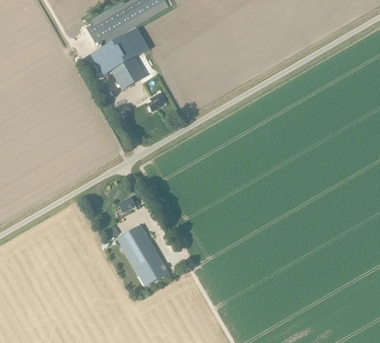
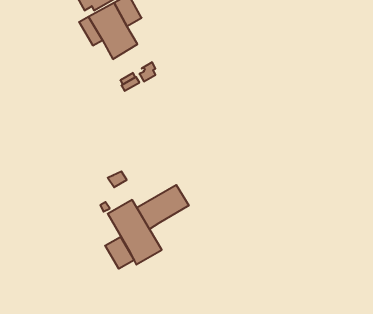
building: none -> [137,185,189,229]
building: none -> [105,237,134,269]

